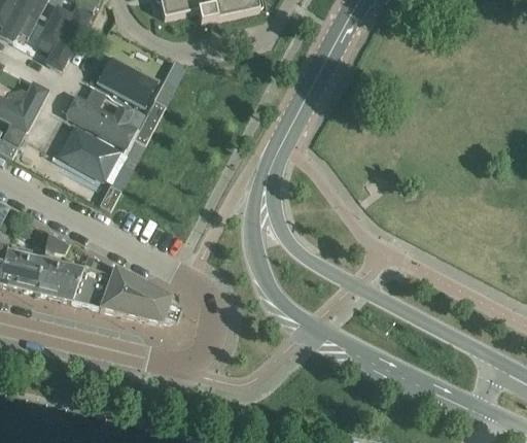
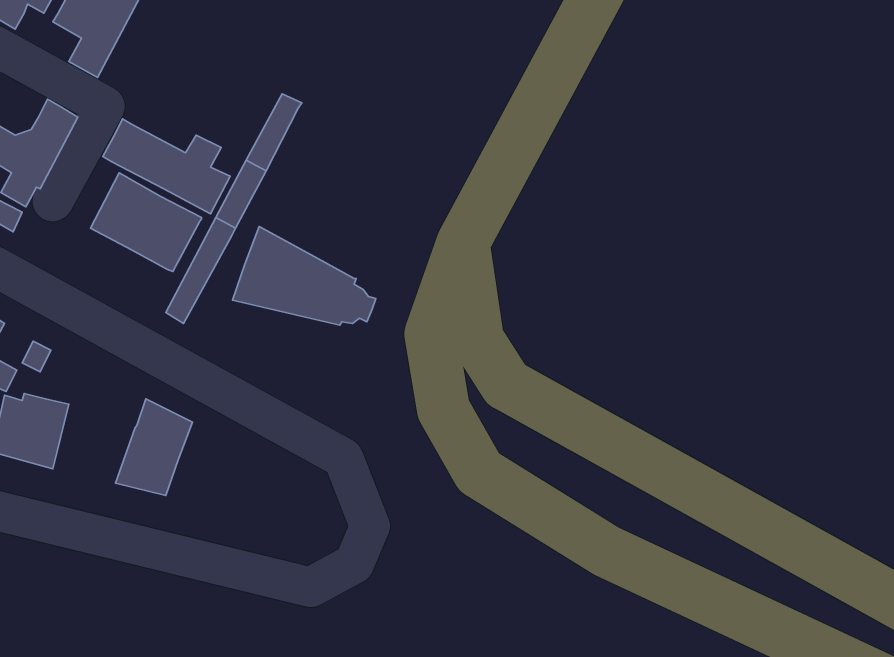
building: [99,59,155,107] -> none
building: [34,231,82,301] -> none
building: [99,266,181,322] -> [232,227,376,325]

